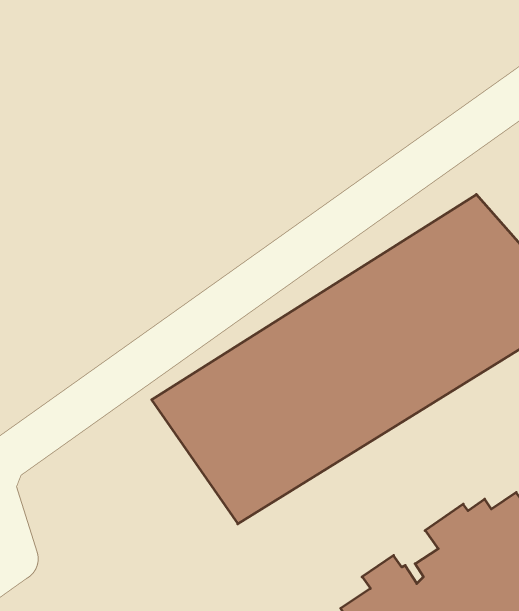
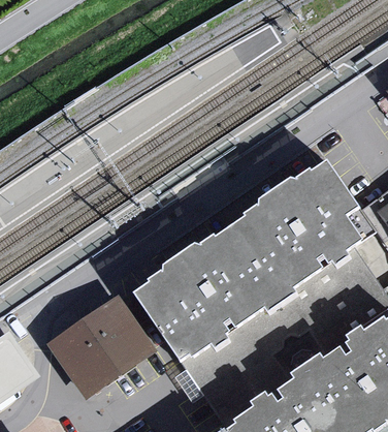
building: none -> [46,291,158,399]

